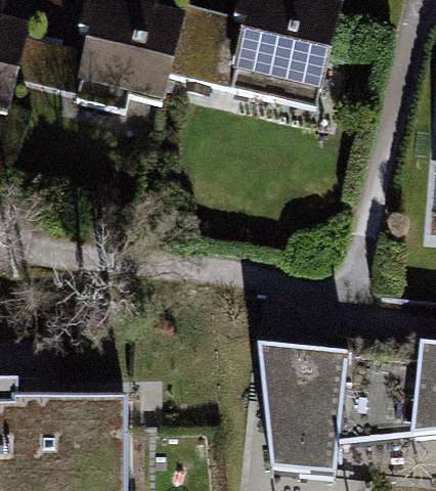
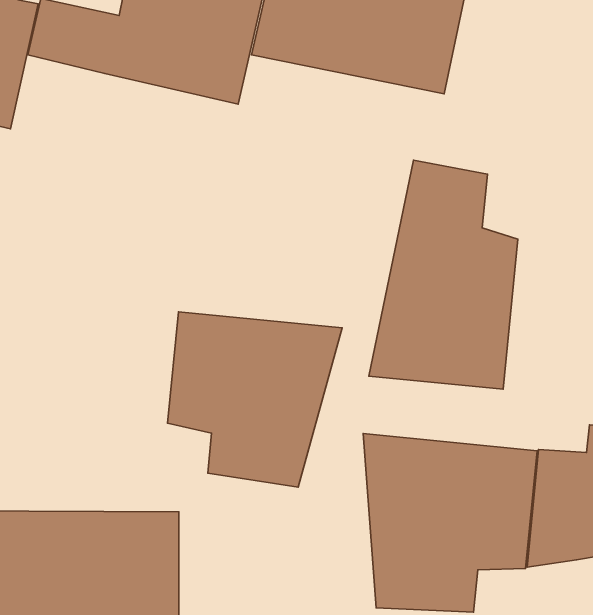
building: none -> [369,160,518,389]
building: none -> [168,312,342,487]

